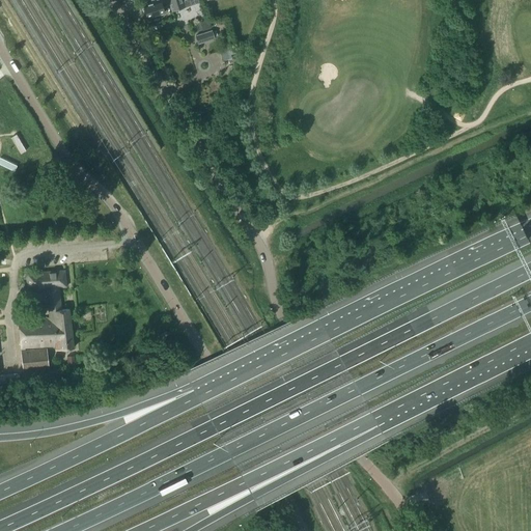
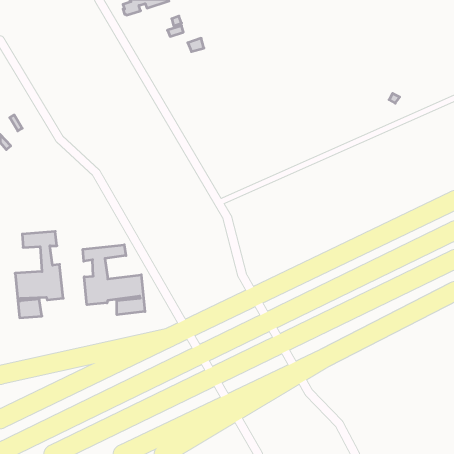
building: none -> [83,245,145,315]

